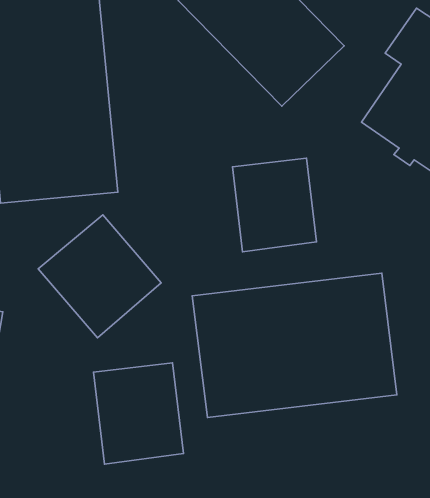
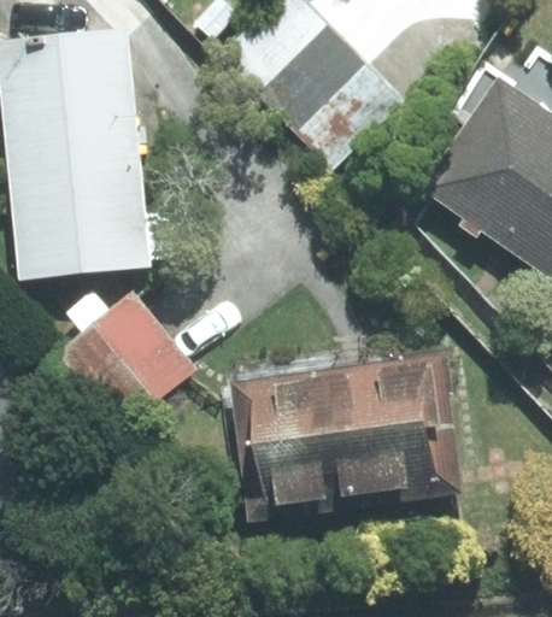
building: [233,158,317,252] -> none
building: [94,363,183,464] -> none

